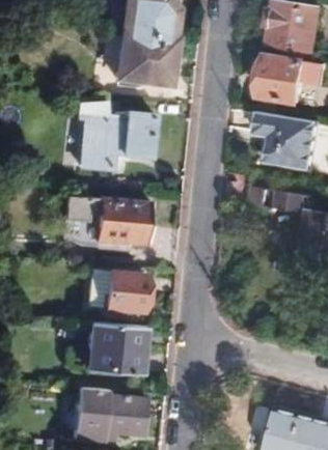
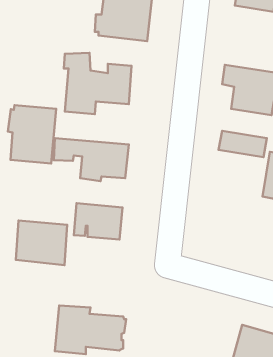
building: [262,57,307,105] -> none
building: none -> [8,105,56,163]
building: [86,321,144,372] -> [16,220,67,265]

